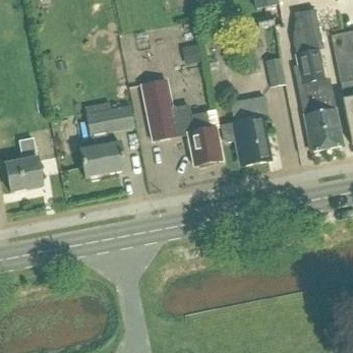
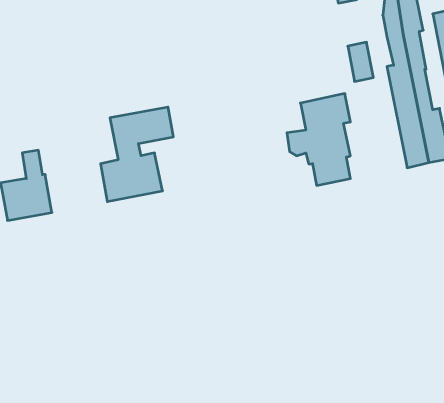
building: [142,79,222,165] -> none

